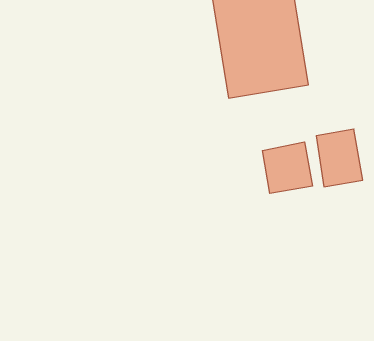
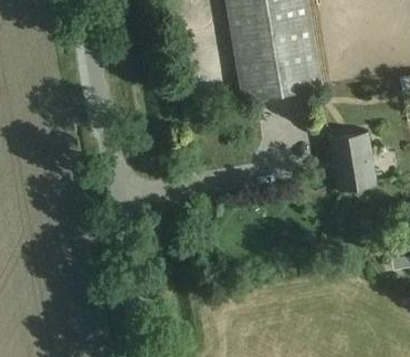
building: [262,142,312,193] -> none

